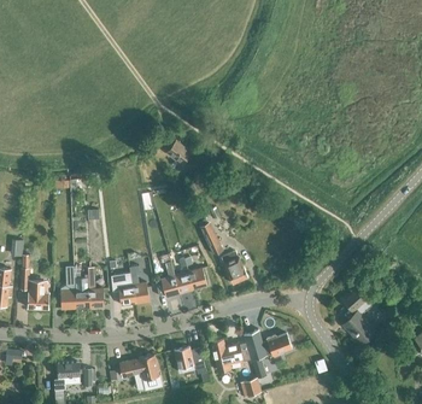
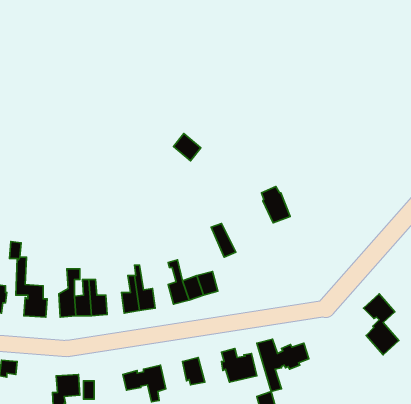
building: [222,250,248,283] -> [261,186,290,223]

